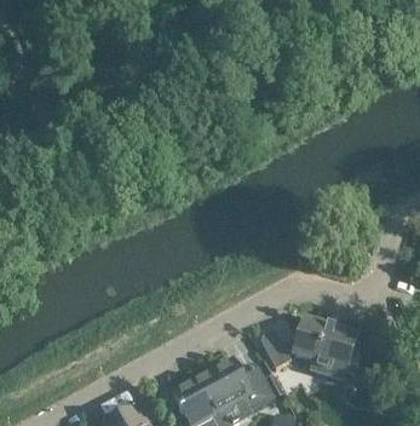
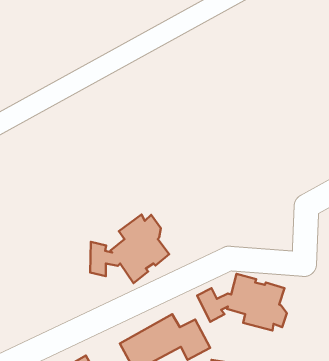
building: none -> [90,214,169,283]

